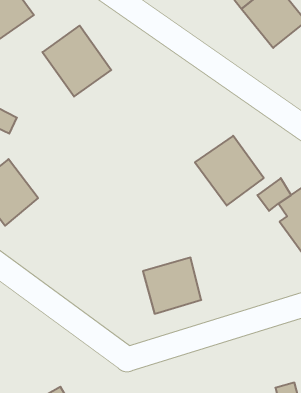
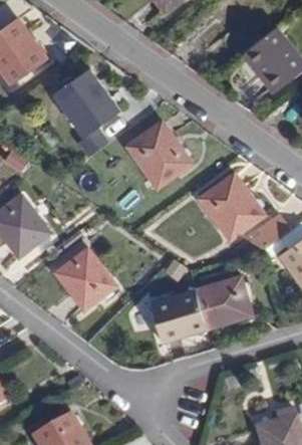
building: none -> [126,122,191,187]
building: none -> [55,247,114,309]
building: none -> [195,275,252,328]

